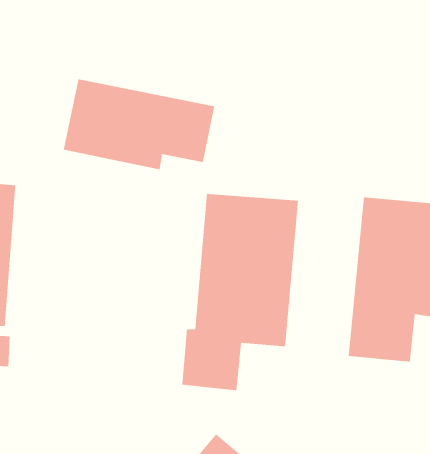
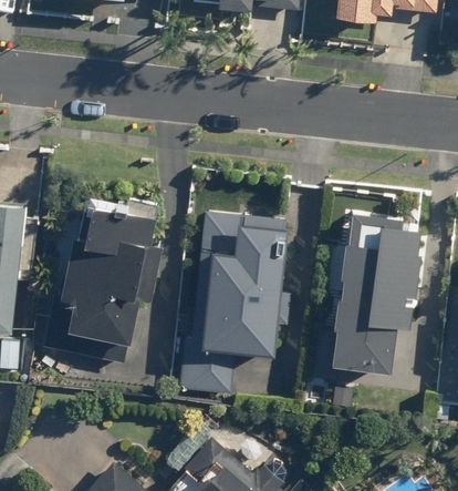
building: [63,78,215,170] -> none
building: none -> [42,208,153,362]

